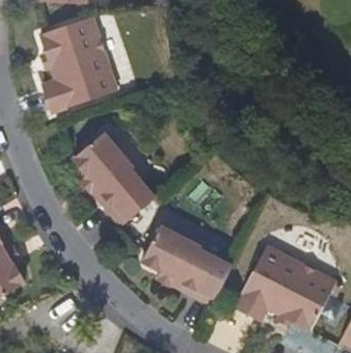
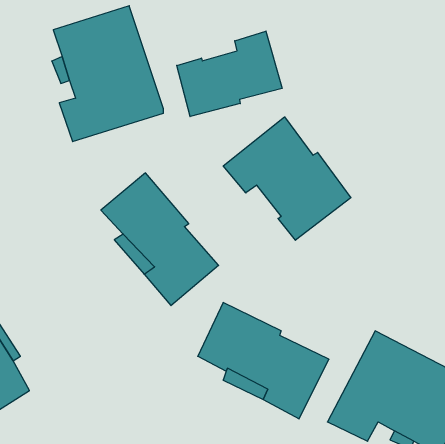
building: none -> [177,31,282,117]
building: none -> [223,117,351,240]

